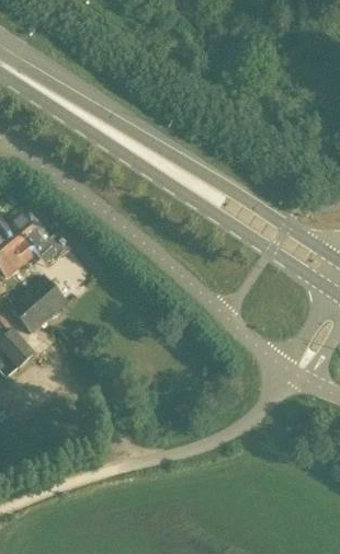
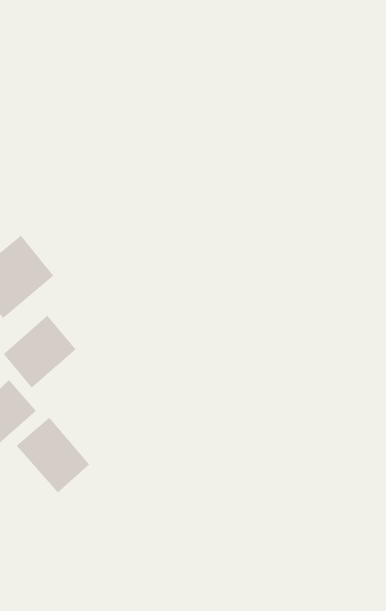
building: none -> [16,417,90,493]

